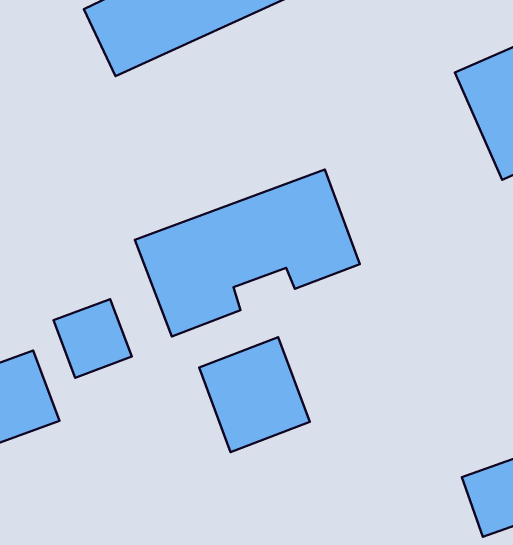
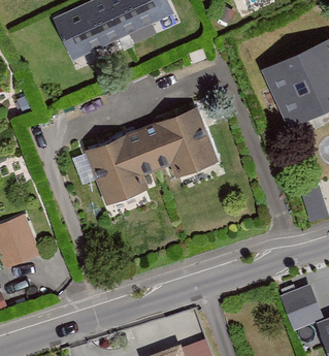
building: [54,299,132,378] -> none
building: [199,337,310,452] -> none

